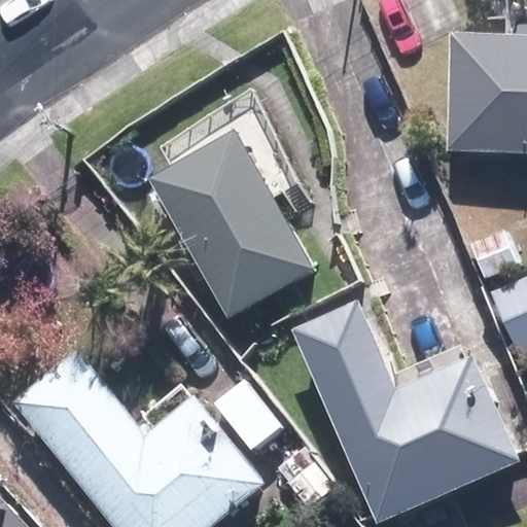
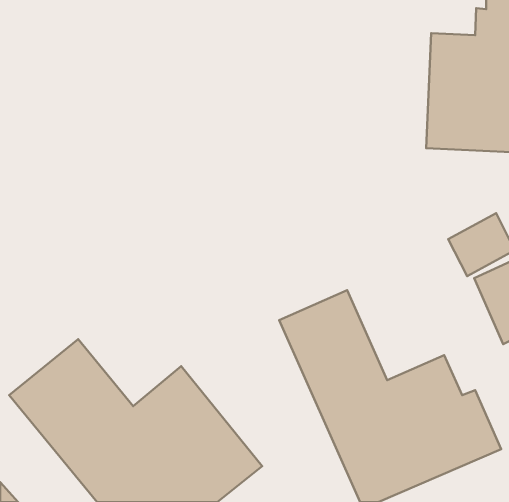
building: [150,108,321,321] -> none

